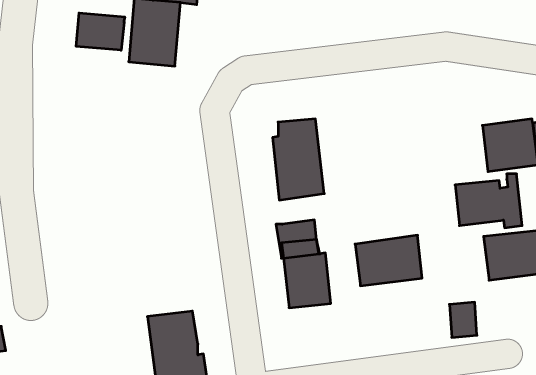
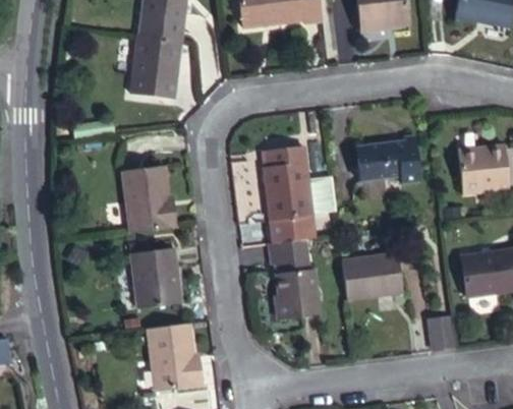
building: [76,13,125,50] -> none
building: none -> [122,166,177,234]
building: [455,174,522,228] -> [355,135,417,185]
building: none -> [270,216,312,244]
building: none -> [129,248,181,308]

